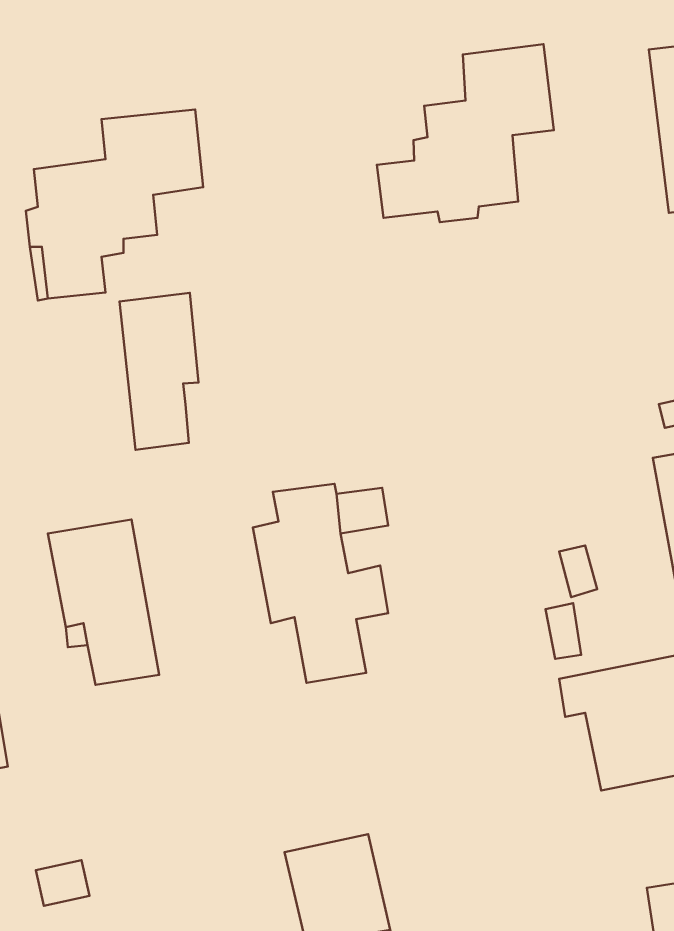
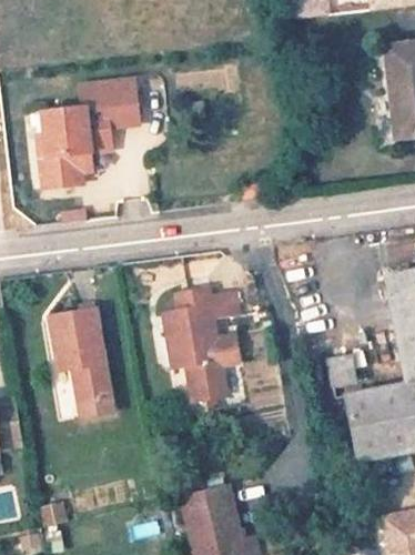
building: [377,44,554,222] -> none
building: [120,293,198,450] -> none

